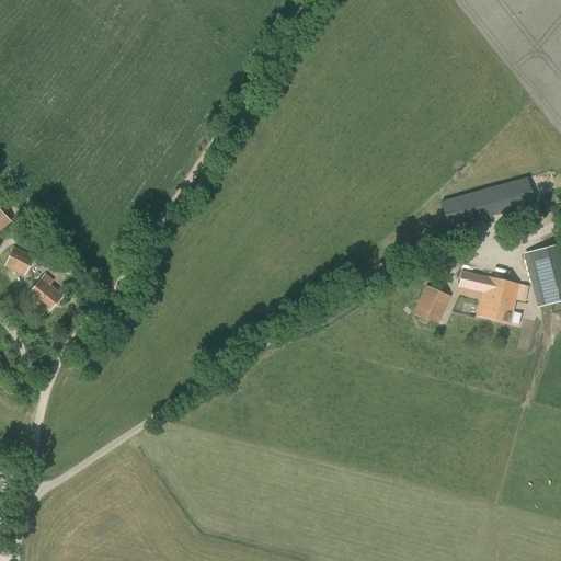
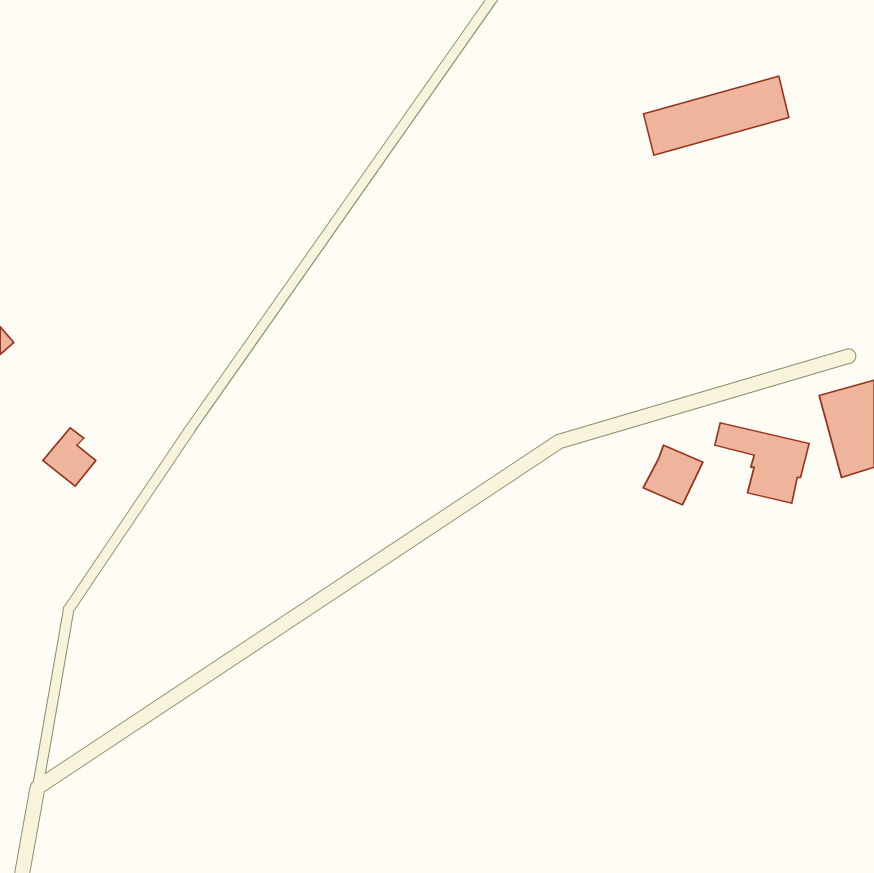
building: [440,176,534,227] -> [644,76,789,155]
building: [4,245,33,275] -> none

